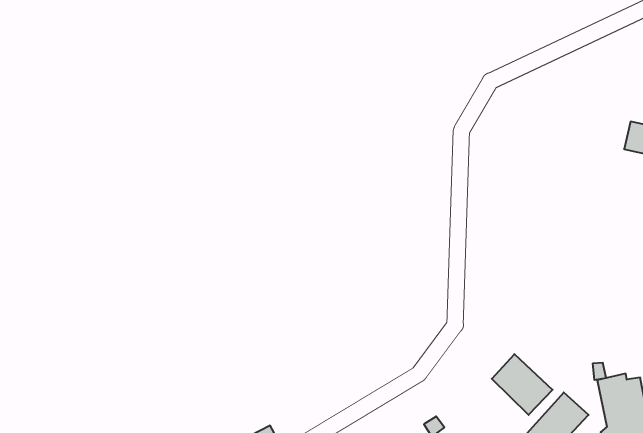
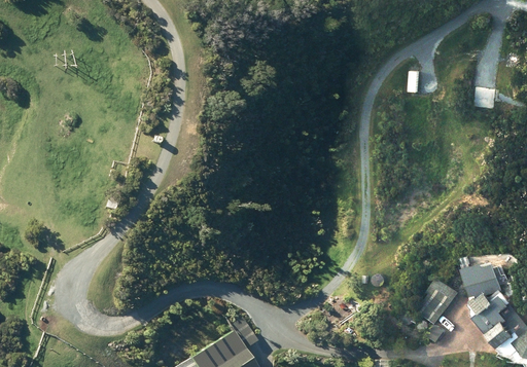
building: [492,354,553,415] -> none

